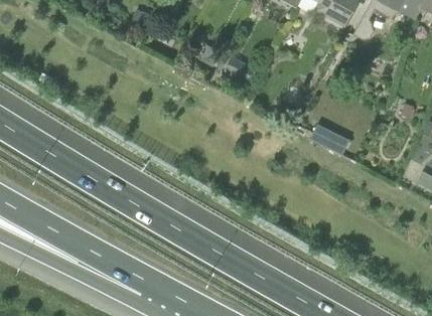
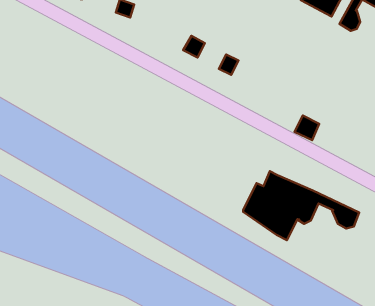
building: none -> [243,171,359,240]

